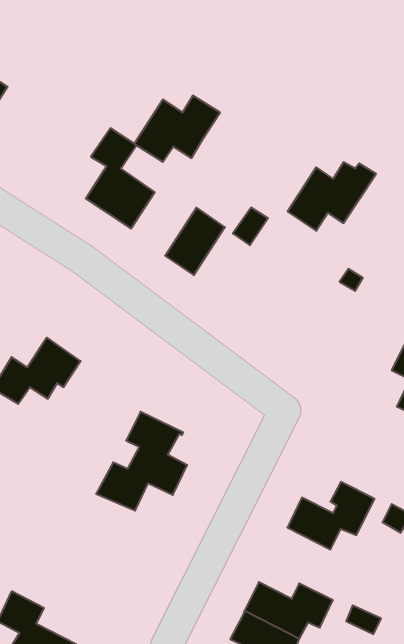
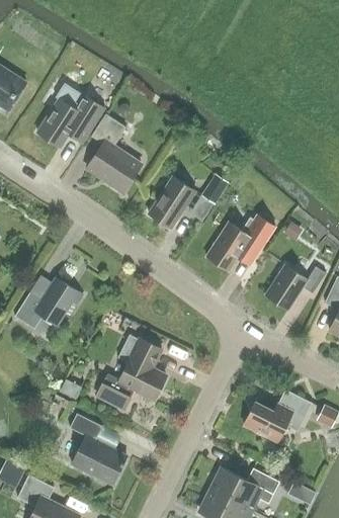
building: [134,96,220,162] -> [37,95,104,147]
building: [288,162,376,231] -> [206,218,275,271]
building: none -> [265,265,326,310]
building: none -> [69,414,126,485]

